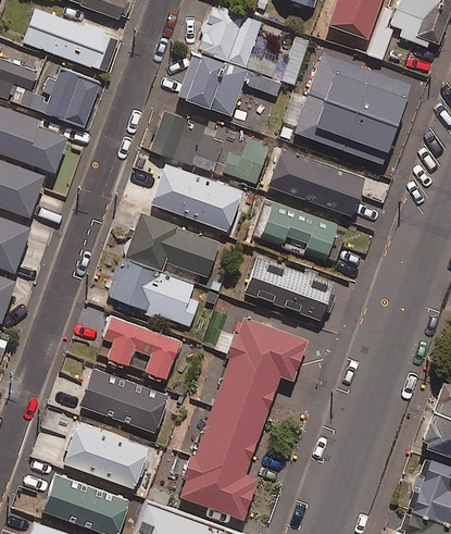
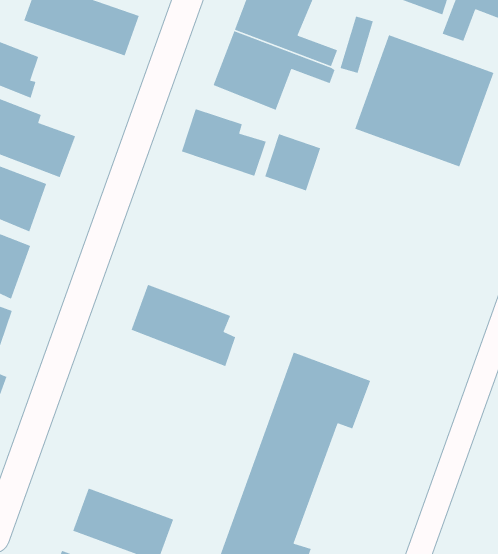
building: [29,70,99,126] -> none
building: [268,149,364,215] -> none
building: [151,164,241,231] -> none
building: [260,208,344,264] -> none
building: [125,215,218,277] -> none
building: [246,260,331,320] -> none
building: [97,316,178,378] -> none
building: [80,370,167,432] -> none

